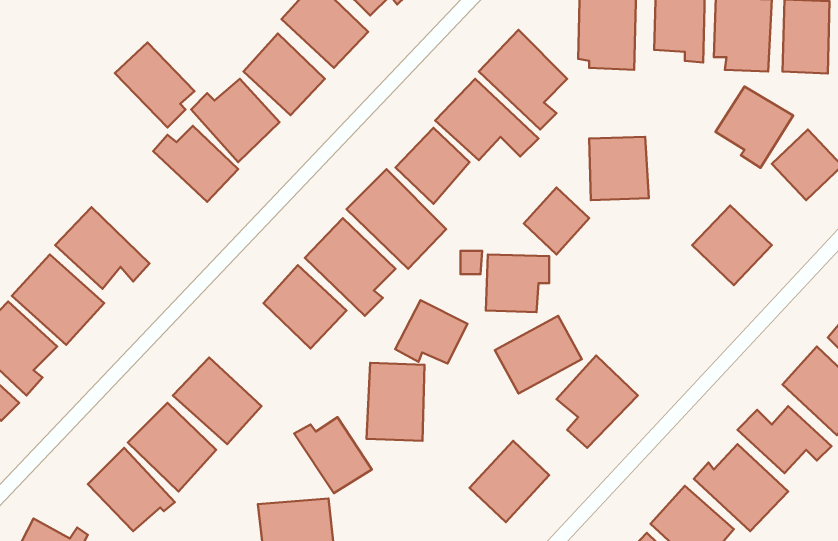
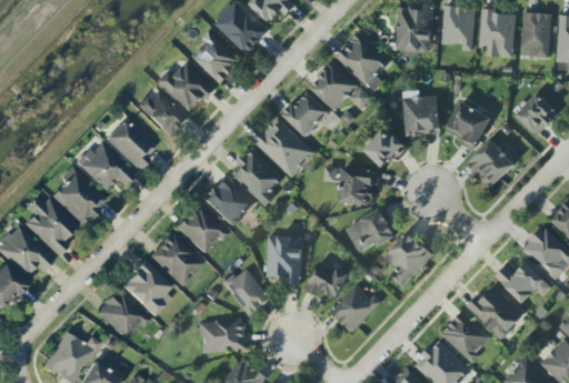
building: [115,42,195,127] -> [104,118,153,170]
building: [715,87,793,168] -> [443,101,491,151]
building: [395,300,468,363] -> [303,260,348,299]
building: none -> [174,204,227,252]

